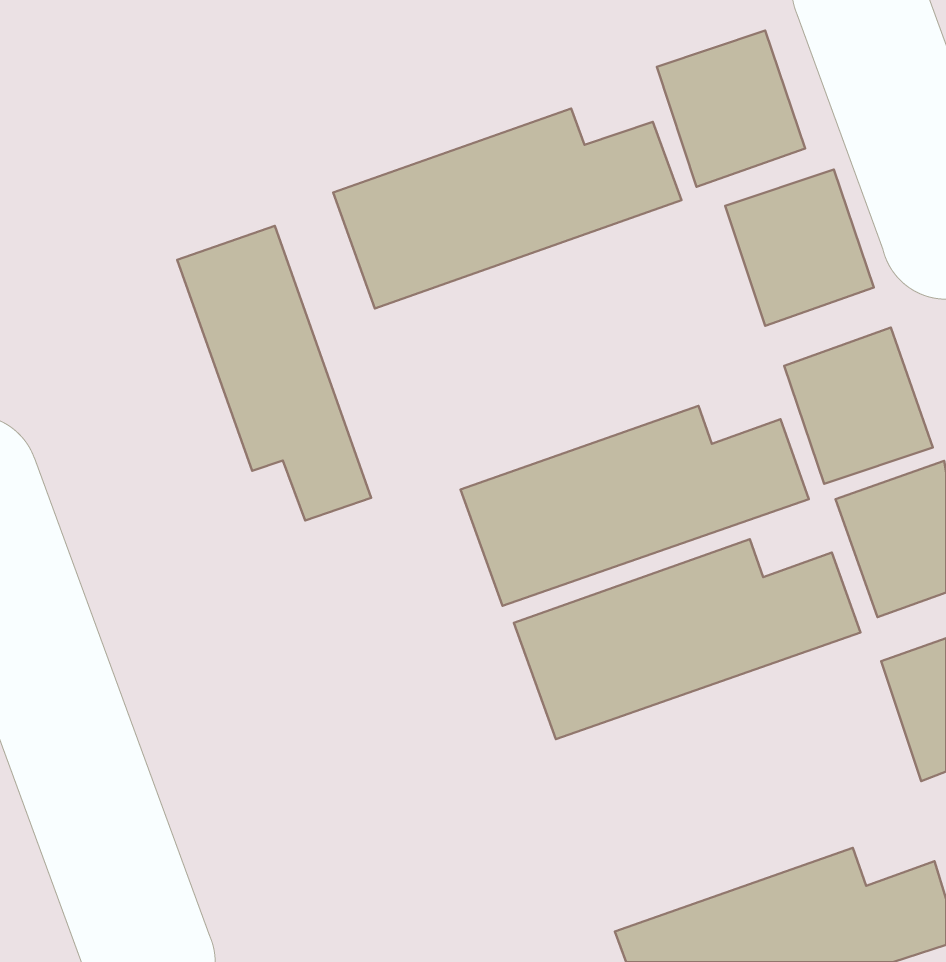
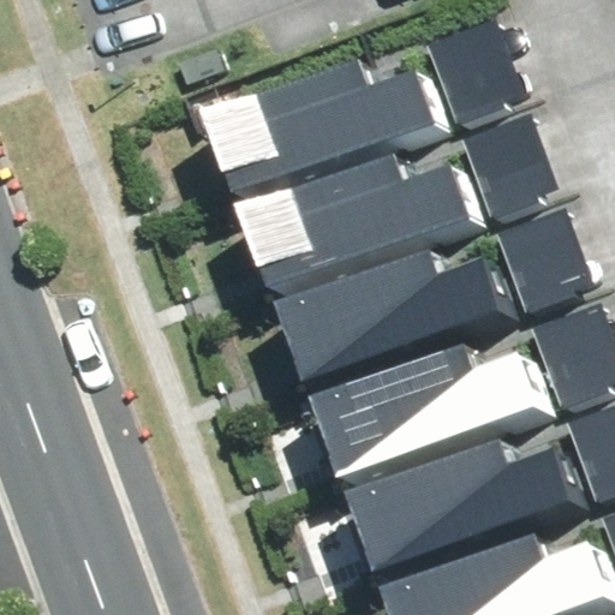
building: [177,226,371,520] -> none
building: none -> [253,155,473,282]
building: none -> [352,443,572,569]

